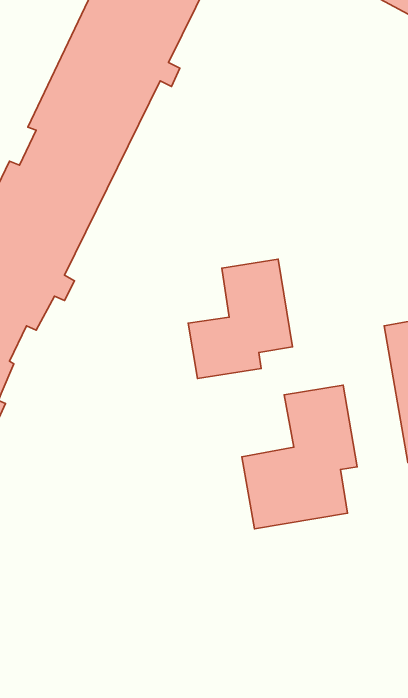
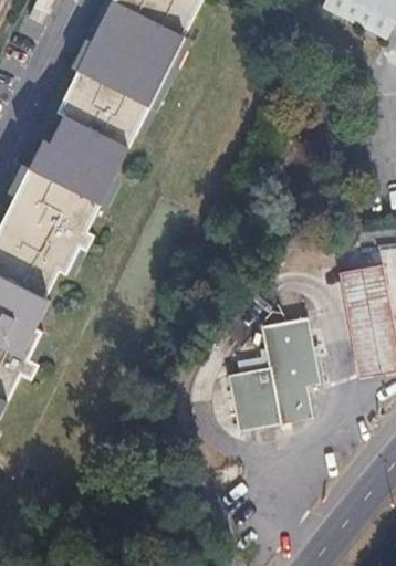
building: [188,259,293,379] -> none

